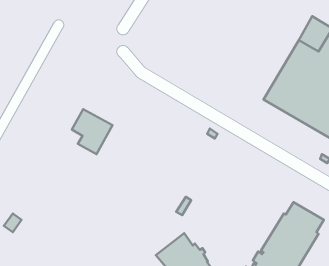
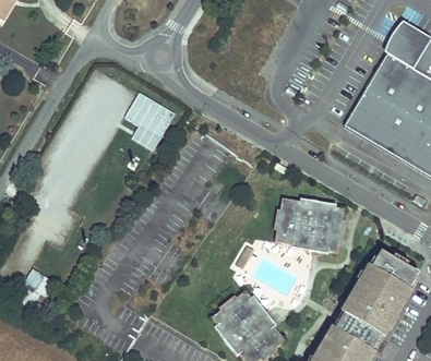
building: [72,109,112,154] -> [125,92,176,147]
building: none -> [274,197,345,254]

